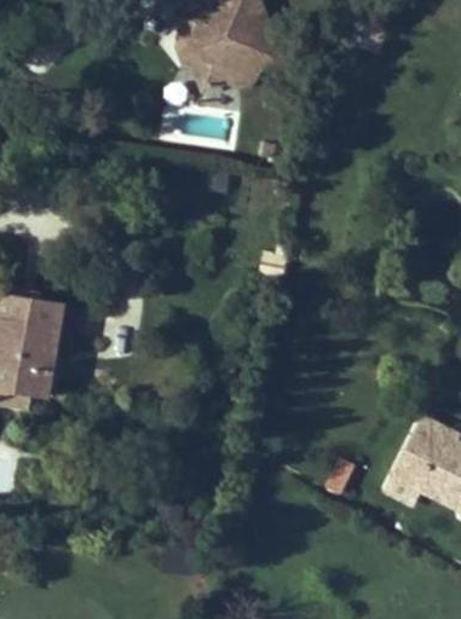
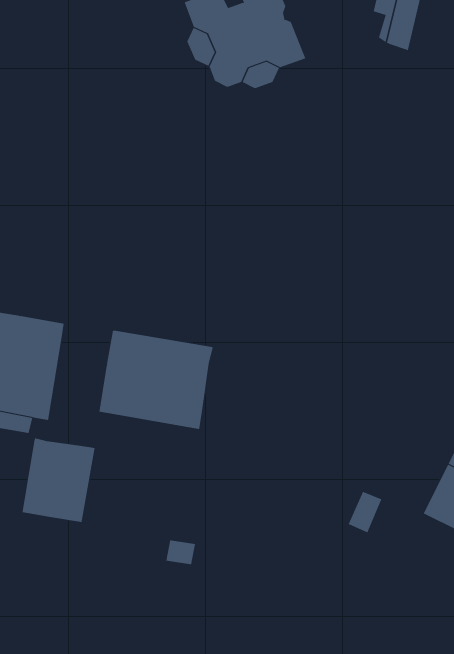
building: none -> [99,330,213,430]
building: none -> [22,437,95,523]

